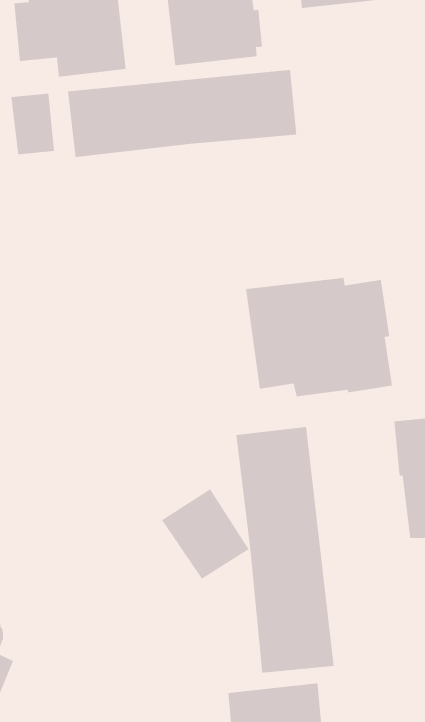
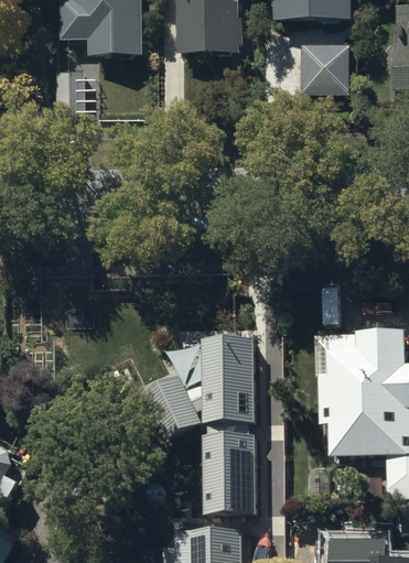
building: none -> [298,40,345,89]
building: [68,69,297,158] -> none
building: [245,277,392,397] -> none

